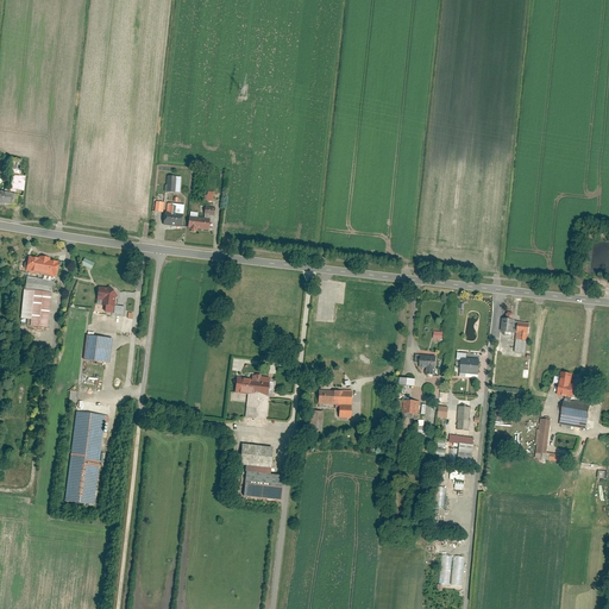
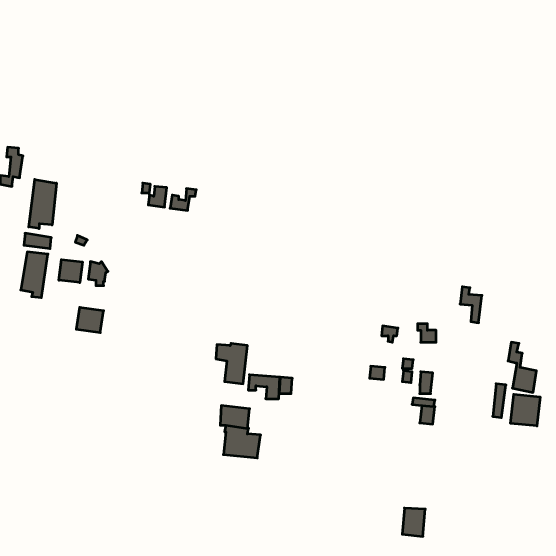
building: none -> [29,179,56,229]
building: none -> [59,260,82,283]
building: [316,390,351,416] -> [248,375,280,399]
building: [63,413,109,504] -> none
building: none -> [511,394,540,426]

